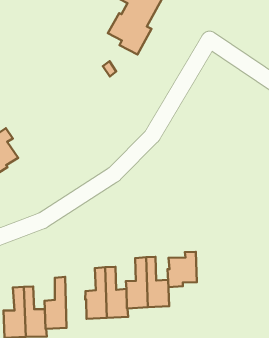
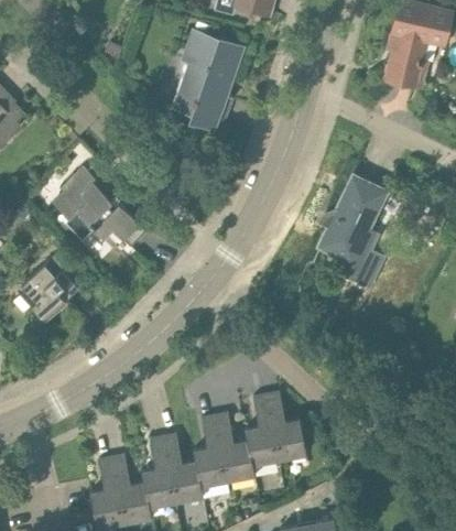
building: none -> [53,167,145,248]
building: none -> [319,174,388,288]
building: [167,252,197,287] -> none
building: none -> [164,434,203,502]

